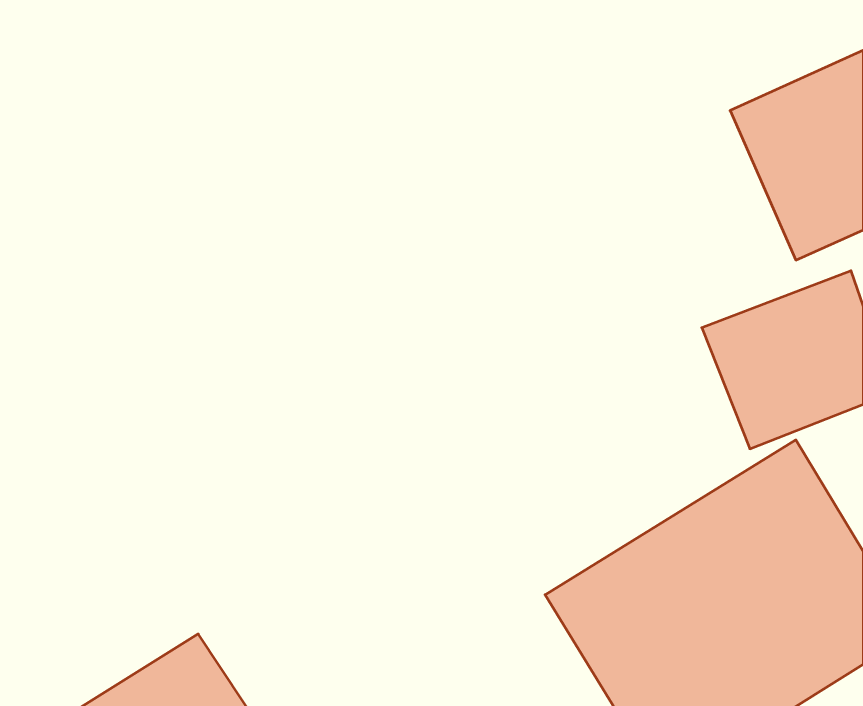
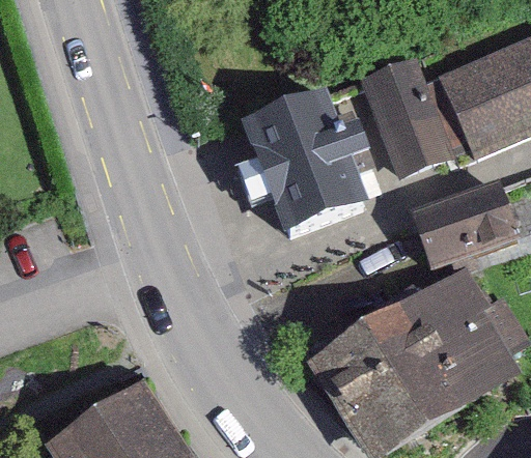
building: none -> [359,52,467,181]
building: none -> [252,86,389,236]

